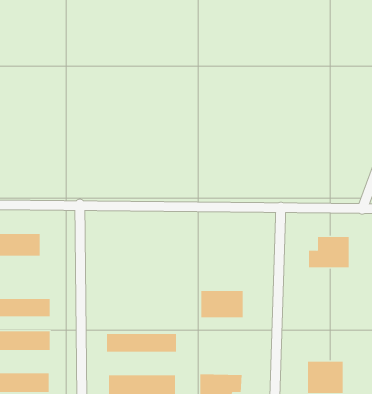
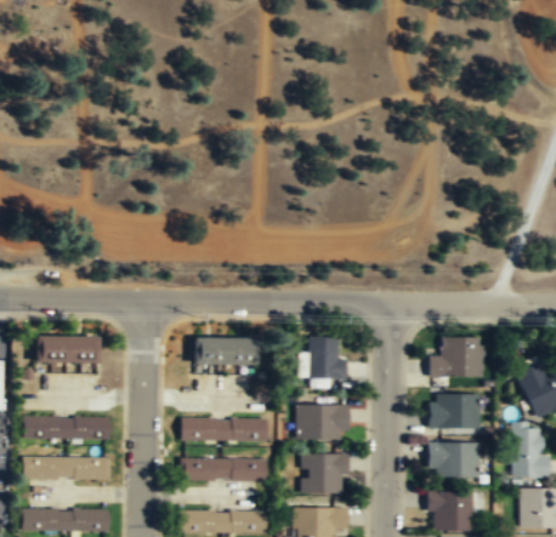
building: none -> [300,336,347,378]
building: none -> [193,337,256,365]
building: none -> [429,395,480,429]
building: none -> [180,418,267,441]
building: none -> [429,442,480,479]
building: none -> [302,455,346,495]

